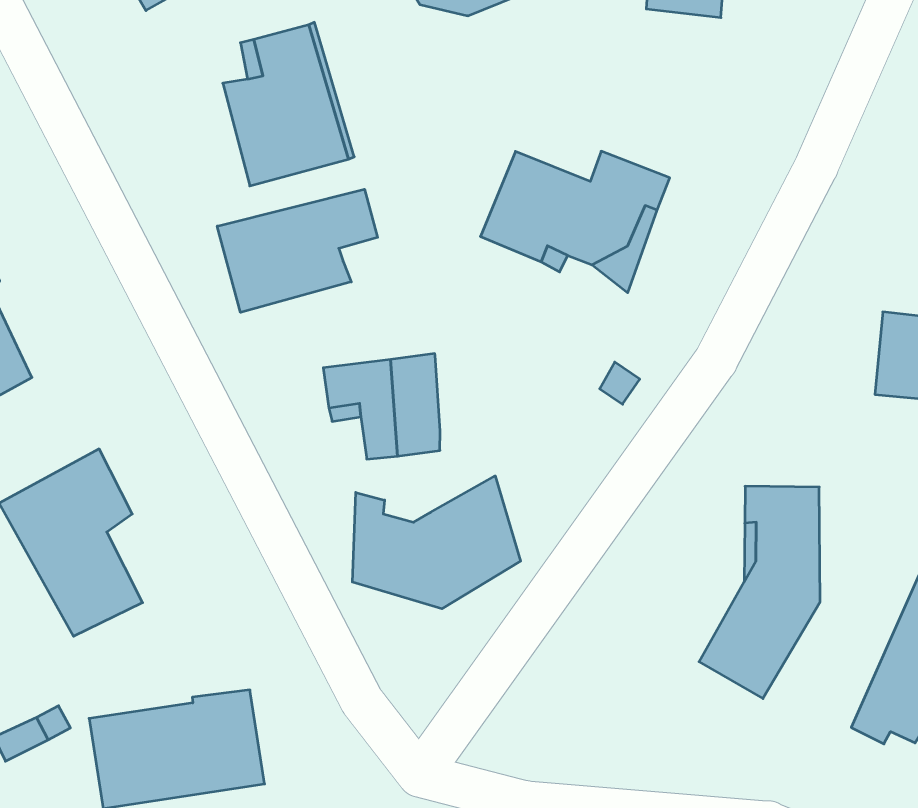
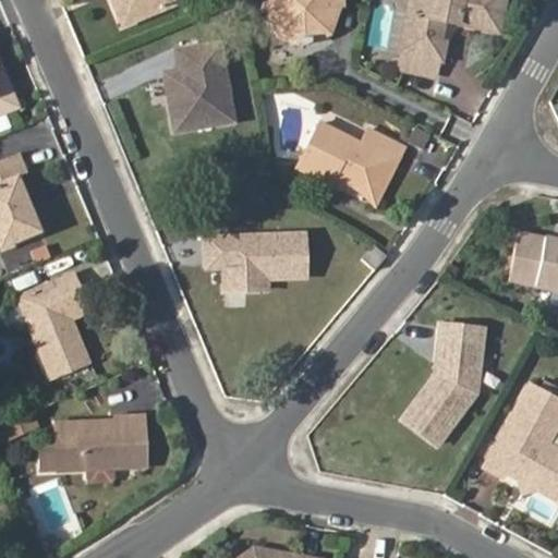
building: [217,189,378,312] -> none
building: none -> [267,233,305,278]
building: [352,476,521,609] -> none

